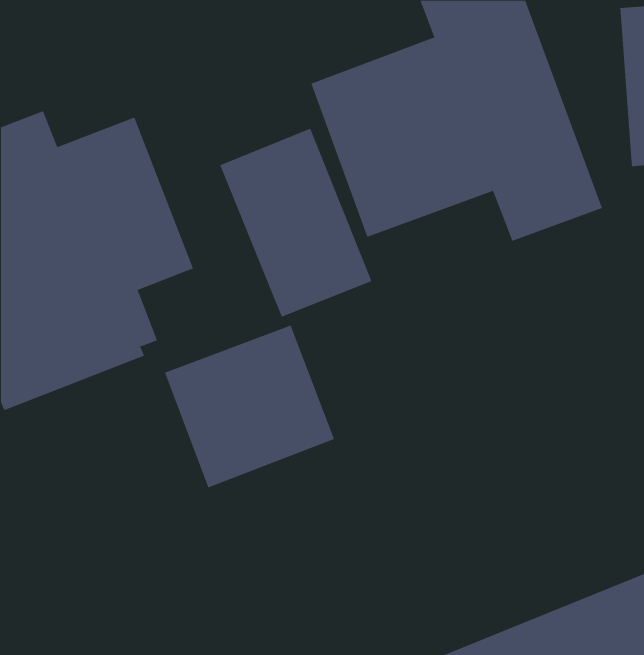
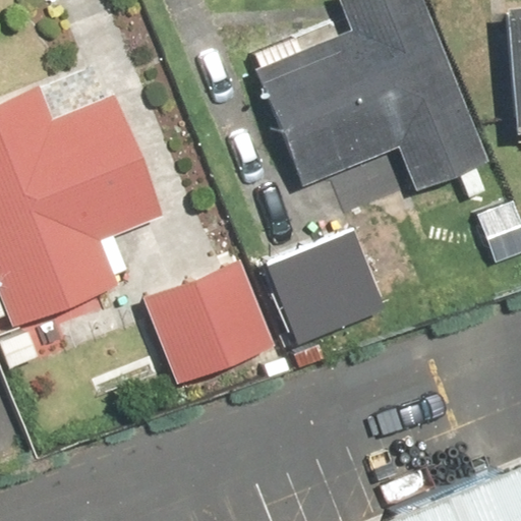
building: [219,128,372,318] -> none
building: none -> [266,226,385,344]

